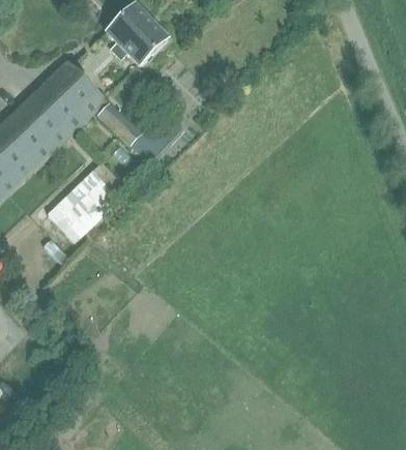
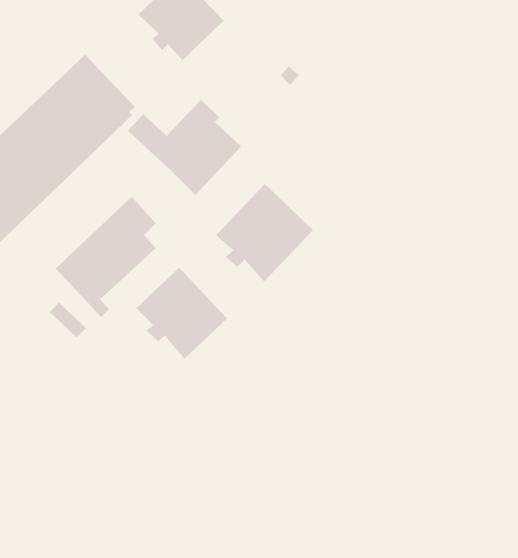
building: none -> [215,183,314,282]
building: none -> [135,267,228,360]

